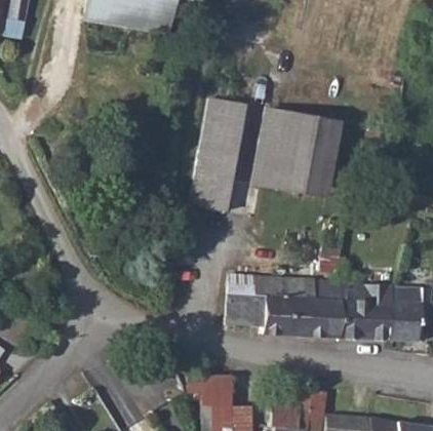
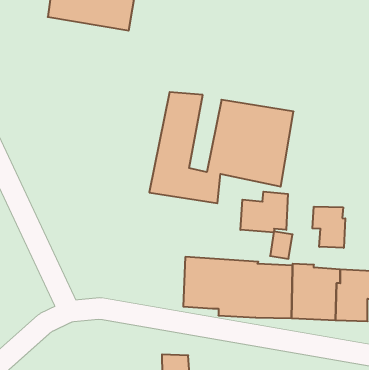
building: none -> [240,192,288,232]
building: none -> [312,207,345,248]

